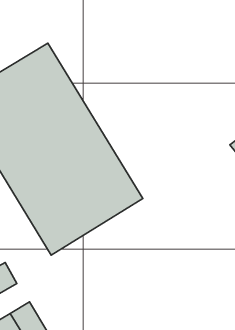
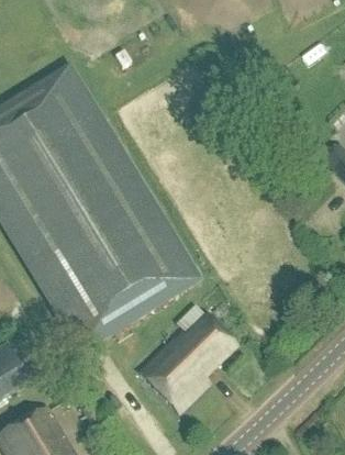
building: none -> [138,314,235,410]

